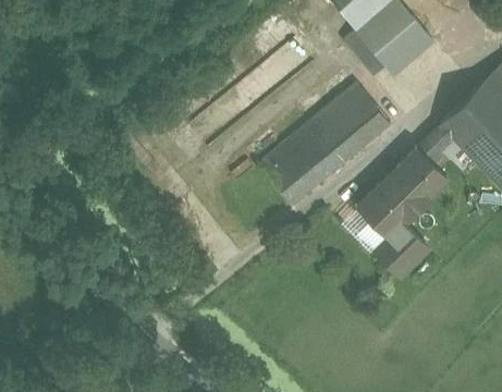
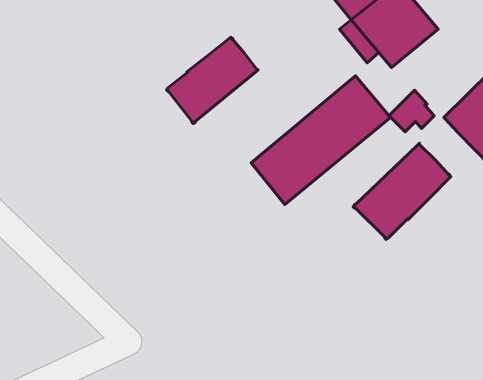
building: none -> [166,37,258,123]
building: [419,124,462,163] -> [389,90,434,132]
building: [375,222,430,278] -> none

